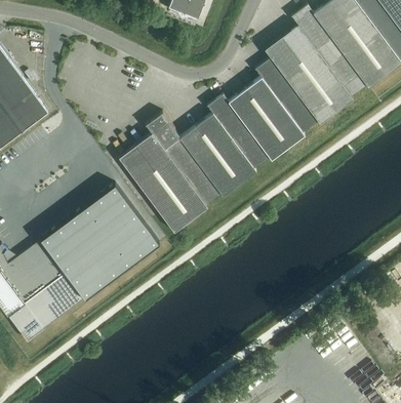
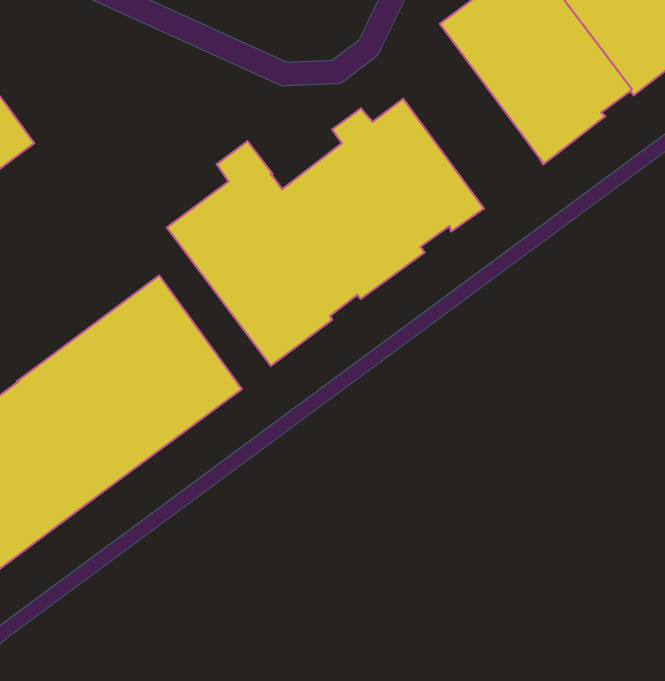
building: [245,57,318,148] -> none

